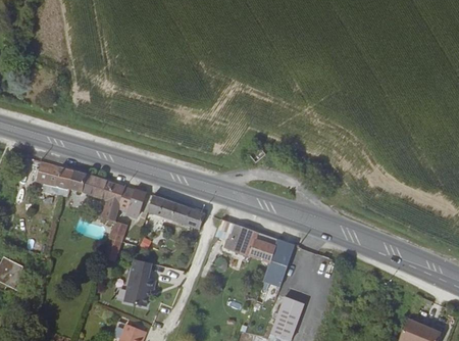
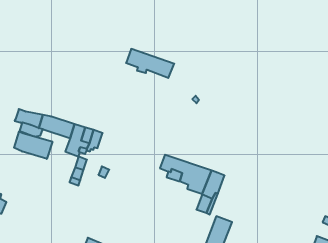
building: none -> [14,131,52,159]
building: [146,195,205,231] -> [126,49,174,78]
building: [121,256,154,304] -> none

